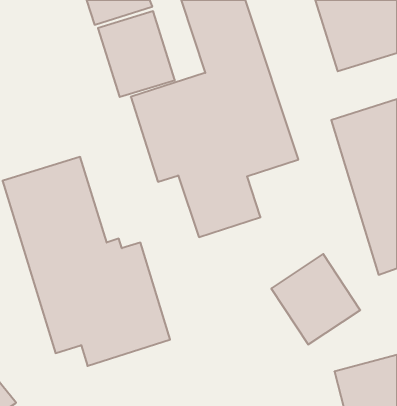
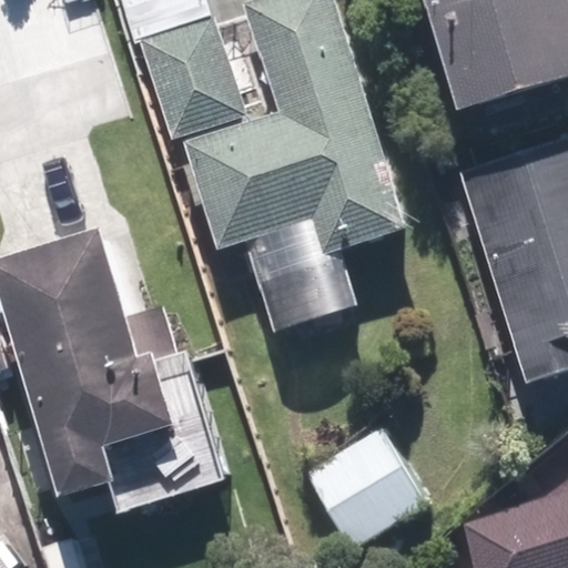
building: [271,254,360,344] -> [302,425,425,550]

